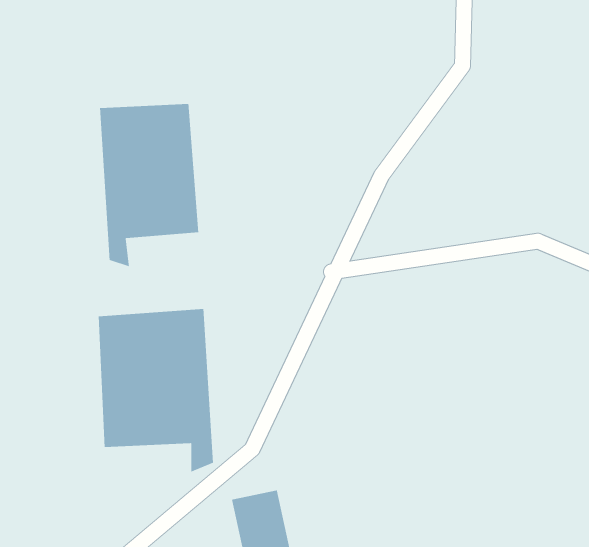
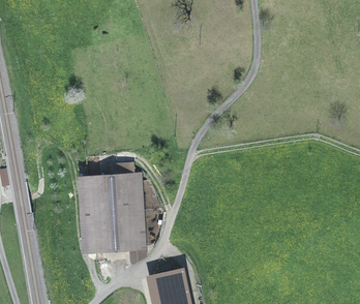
building: [100,103,199,267] -> none

